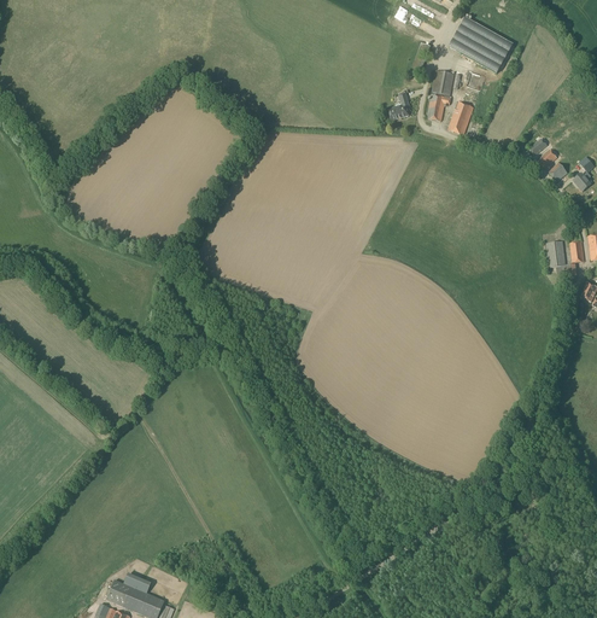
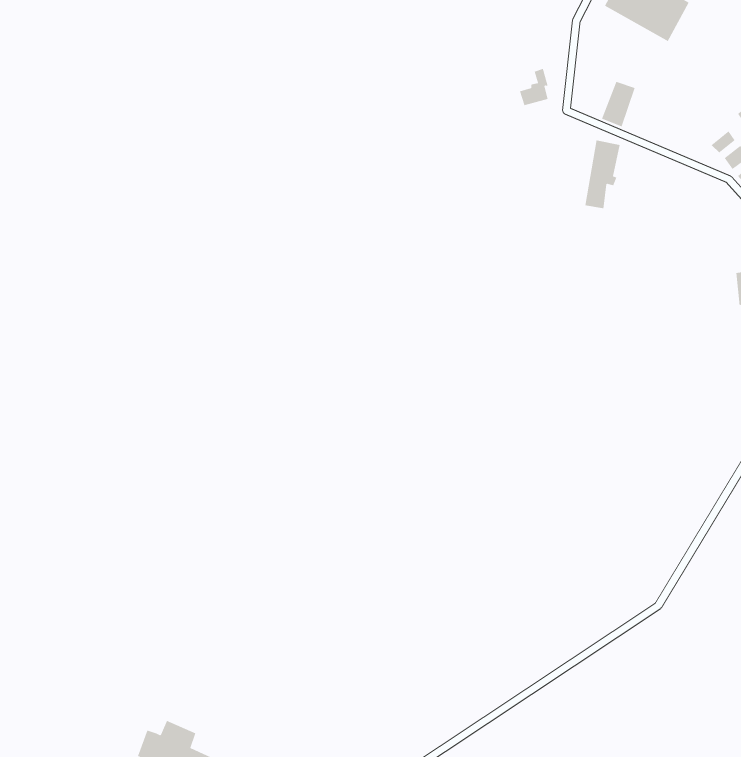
building: [427,70,453,121] -> [584,140,620,209]

